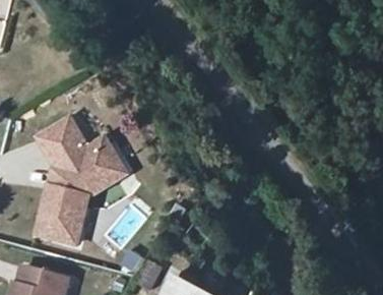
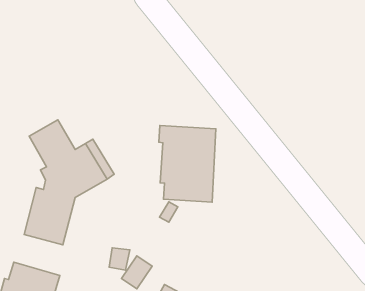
building: none -> [159,126,216,202]

